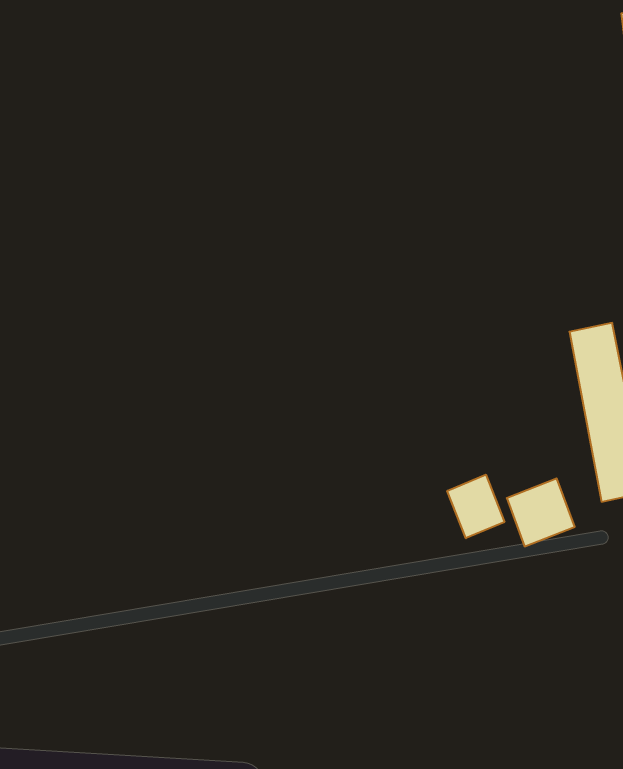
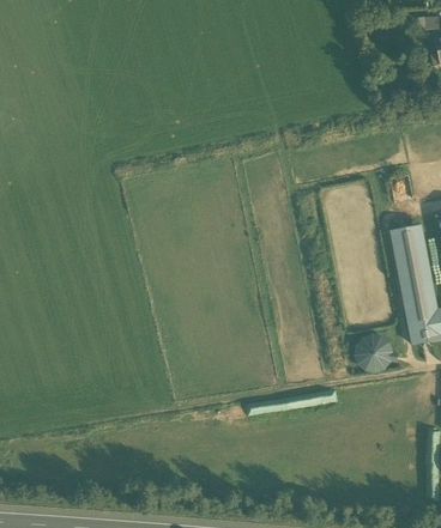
building: [447,475,504,538] -> none

